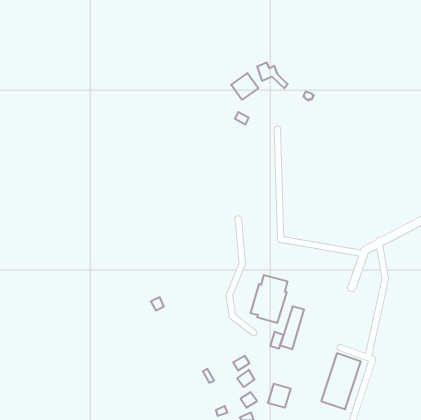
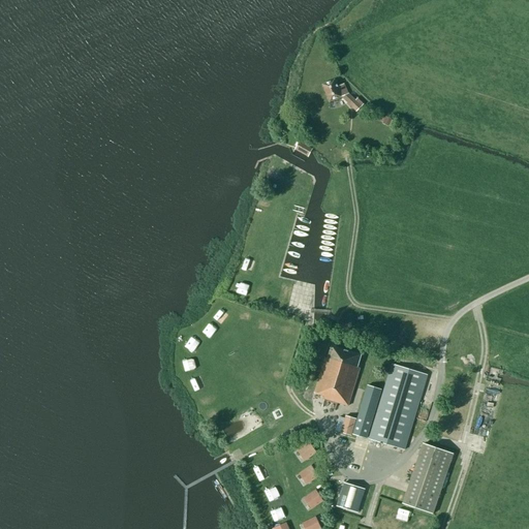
building: [231,73,258,100] -> none
building: none -> [369,364,427,449]

